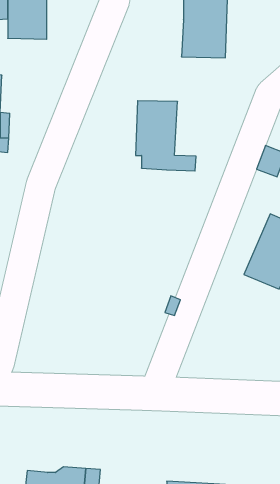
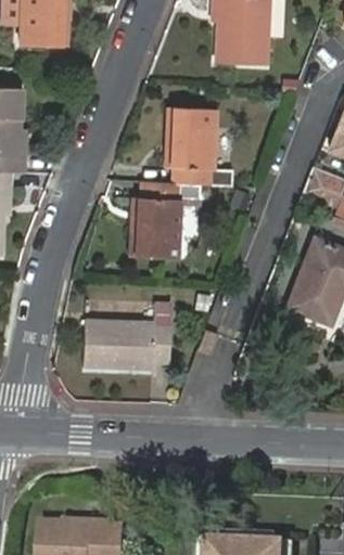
building: none -> [132,186,204,266]
building: none -> [84,306,171,373]

